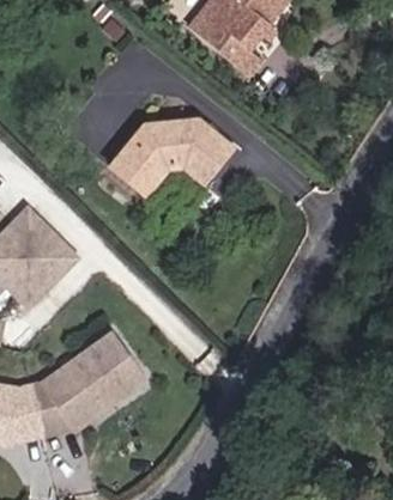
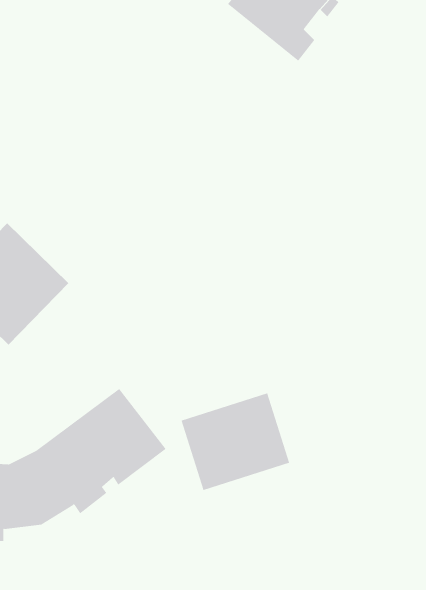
building: [114,114,230,185] -> none
building: none -> [181,393,290,491]

